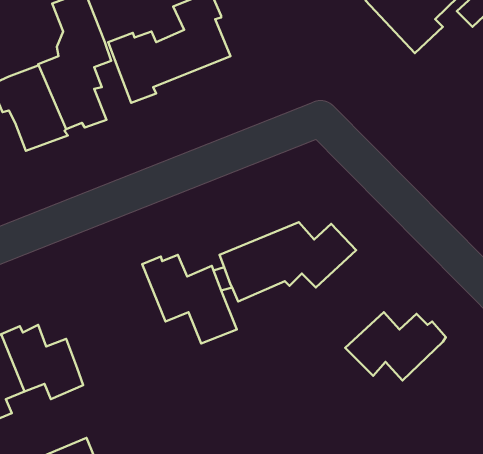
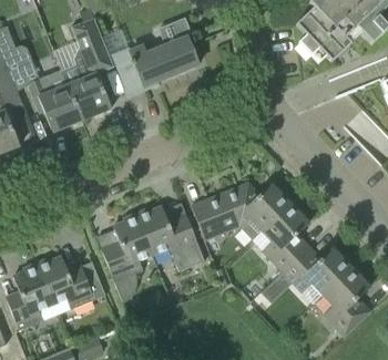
building: none -> [261,203,309,272]
building: none -> [102,213,153,302]
building: none -> [323,268,370,337]

